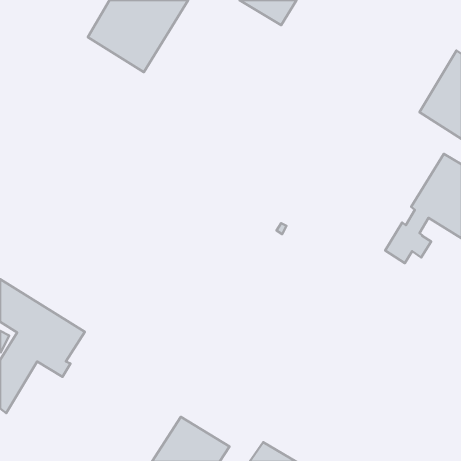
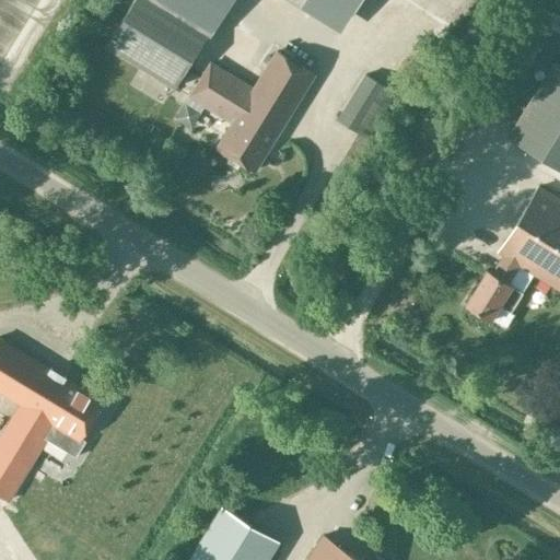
building: none -> [190,51,314,171]
building: none -> [337,74,396,139]

